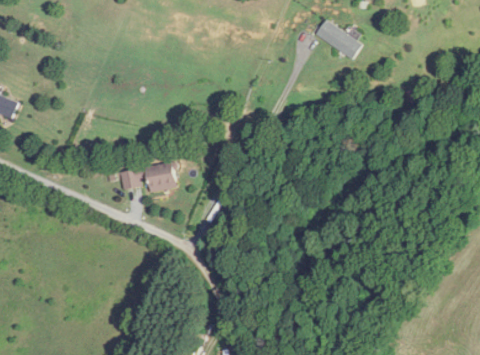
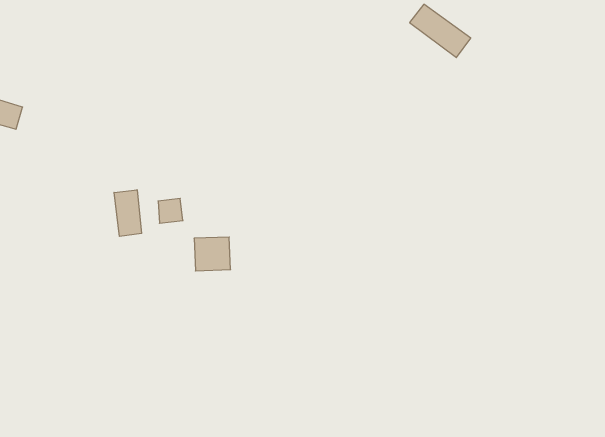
building: none -> [114,190,142,236]
building: [145,163,173,189] -> [194,237,231,271]

